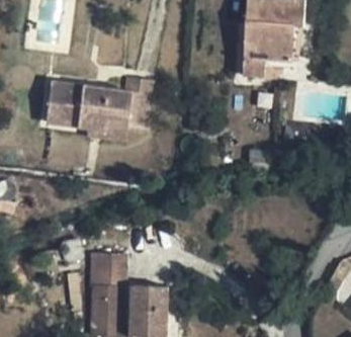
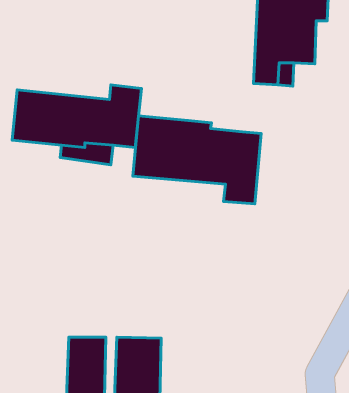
building: none -> [133,116,261,204]
building: [91,252,122,284] -> none

